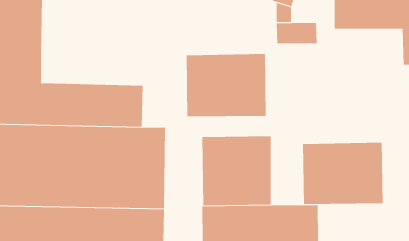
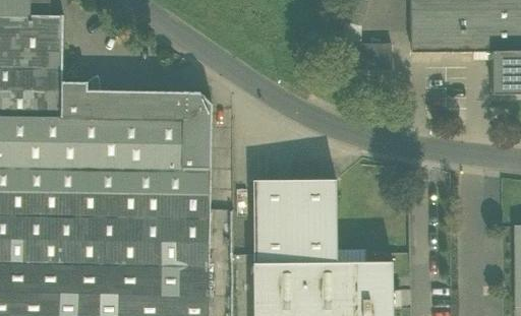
building: none -> [62,79,212,170]
building: [186,53,266,117] -> none
building: [303,142,383,205] -> none

